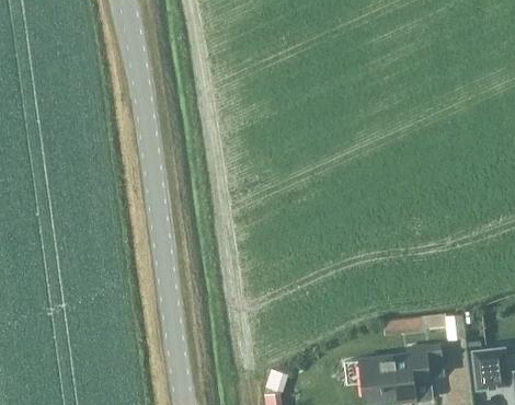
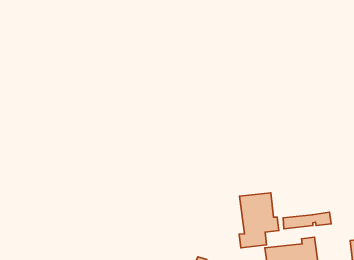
building: none -> [239,193,279,248]

